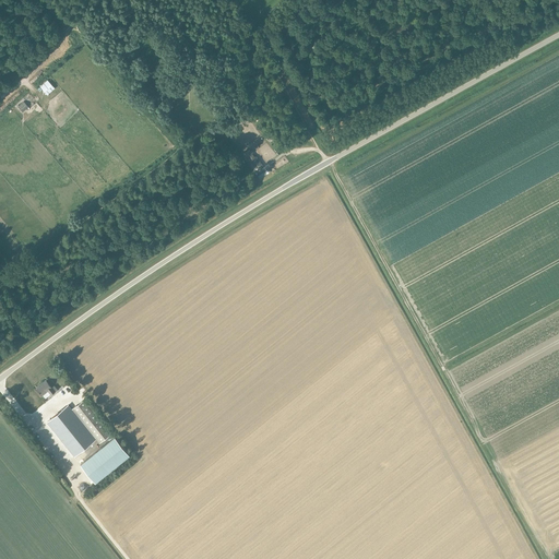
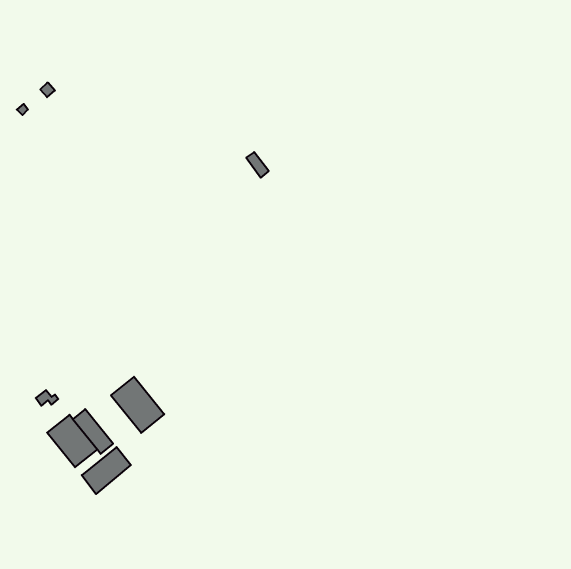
building: none -> [111,377,164,433]

